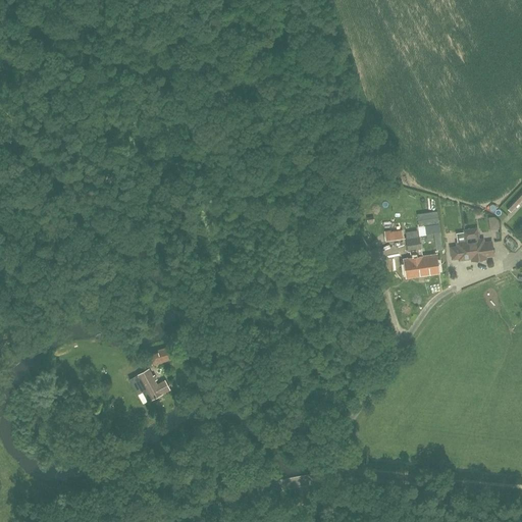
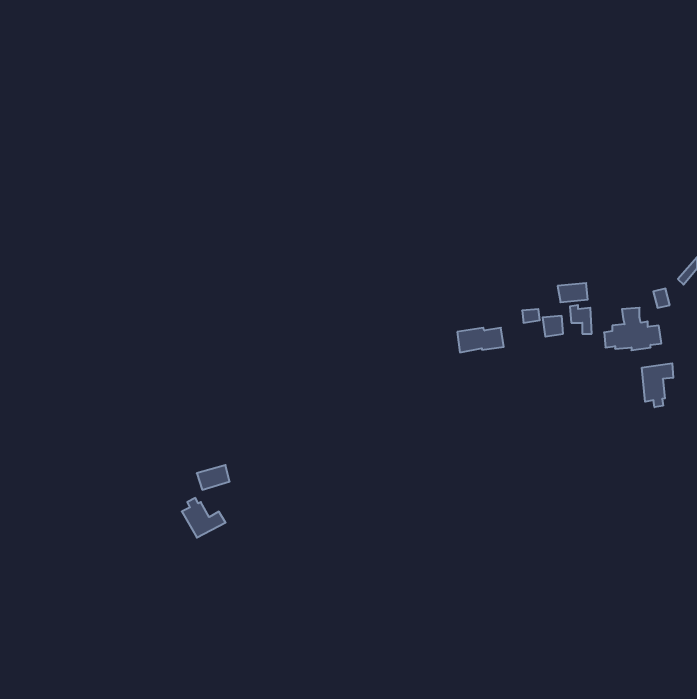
building: [403,257,437,275] -> [457,328,504,352]
building: none -> [642,363,673,407]

